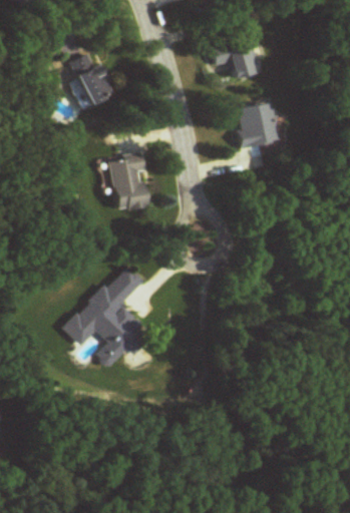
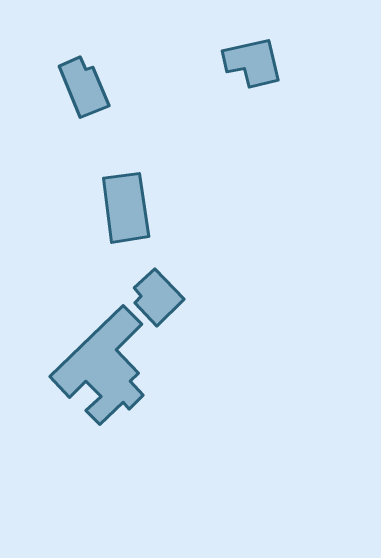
building: [235,103,278,148] -> none
building: none -> [134,269,184,326]

